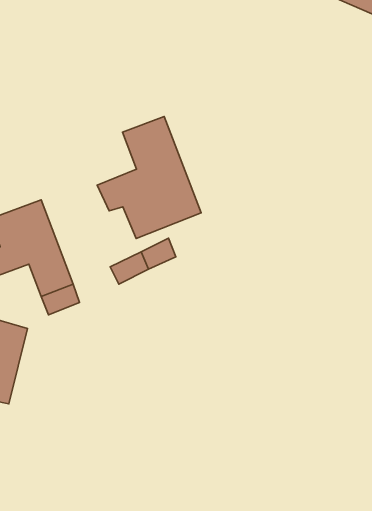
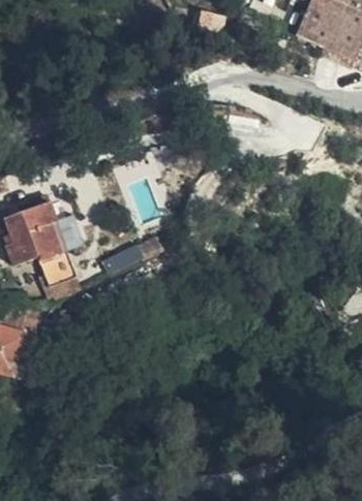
building: [97,116,201,239] -> none

